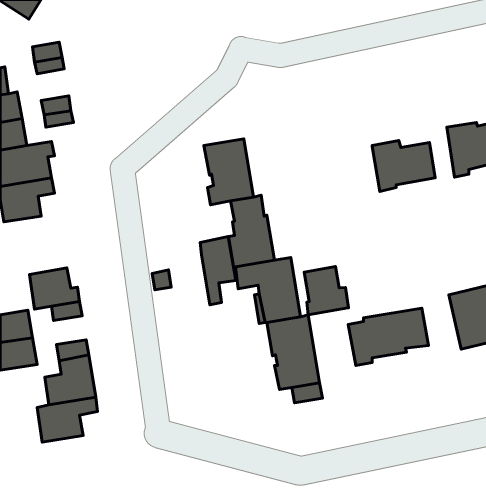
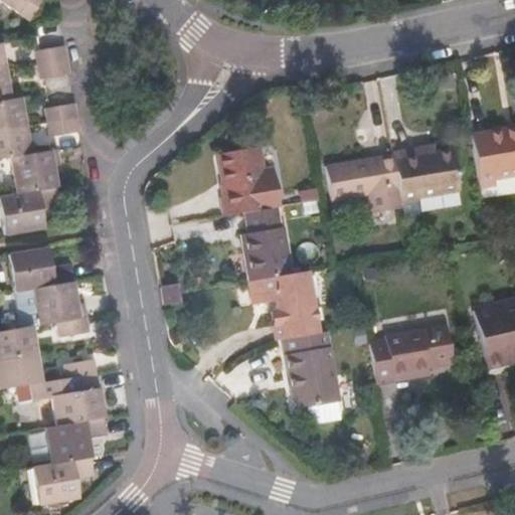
building: none -> [327,154,403,211]
building: none -> [10,247,73,292]
building: [200,237,236,305] -> none
building: [304,266,349,315] -> none
building: none -> [32,458,93,504]

